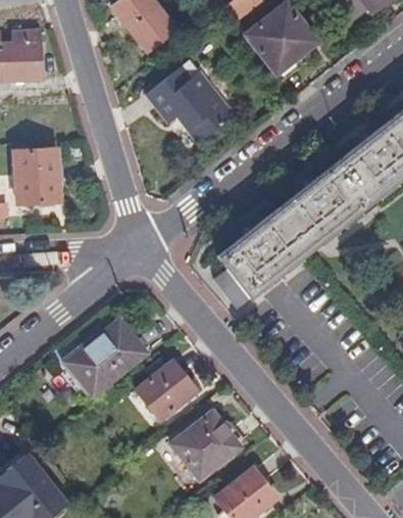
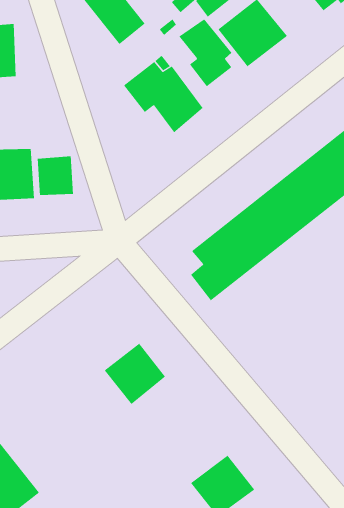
building: none -> [178,18,232,87]
building: none -> [37,155,74,196]
building: [64,314,141,385] -> none
building: [166,403,237,472] -> none

